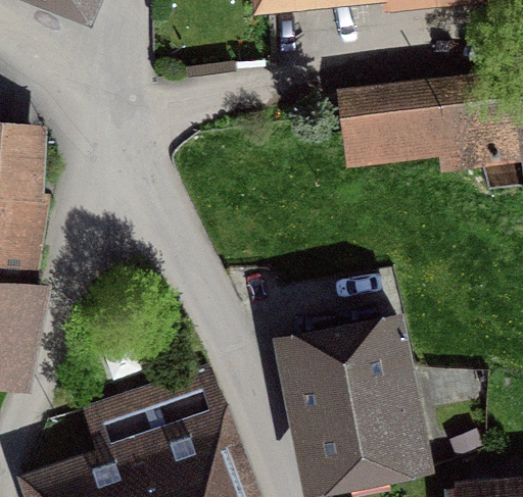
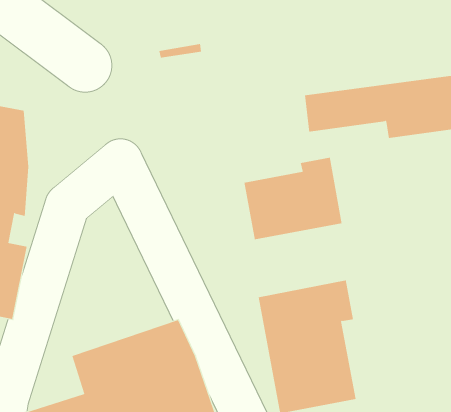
building: none -> [244,157,342,240]

